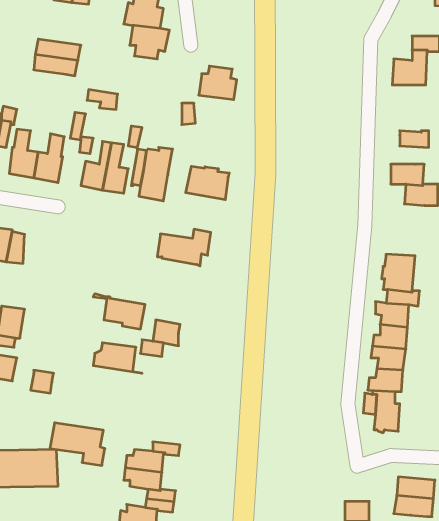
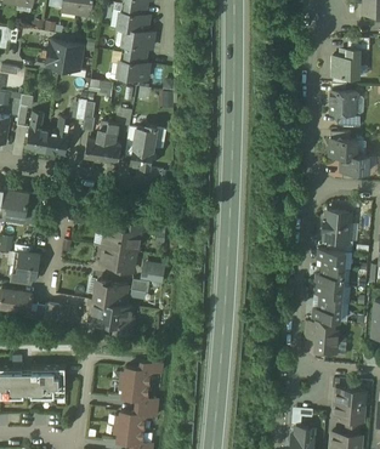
building: [199,66,237,100] -> [118,53,148,80]
building: none -> [330,91,358,116]
building: [186,166,229,200] -> none
building: [157,229,211,266] -> [103,223,146,252]
building: [50,423,105,465] -> [90,300,134,334]

